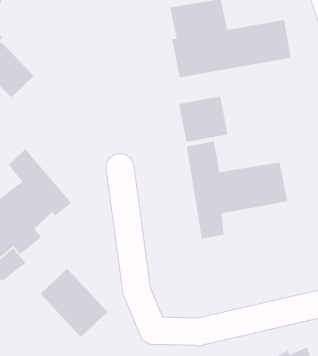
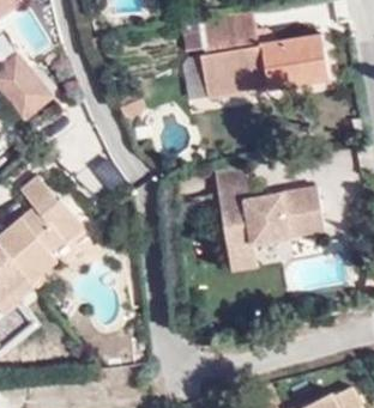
building: [178,95,228,143] -> none
building: [40,268,108,338] -> none

